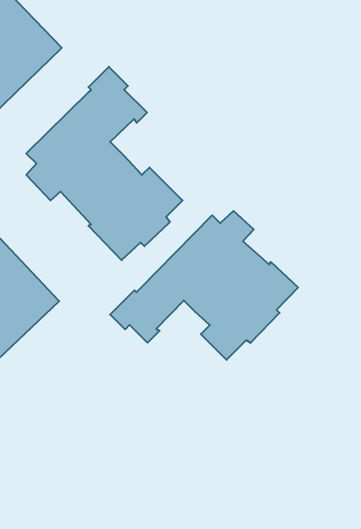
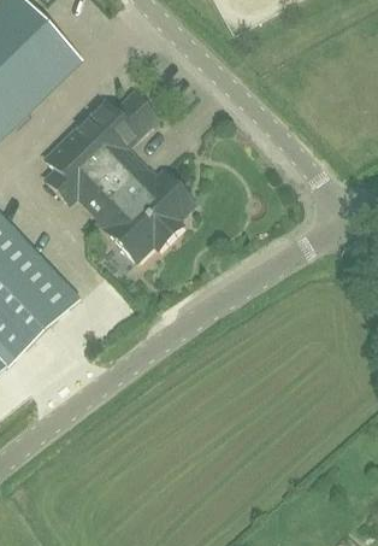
building: [110,211,298,360] -> none

